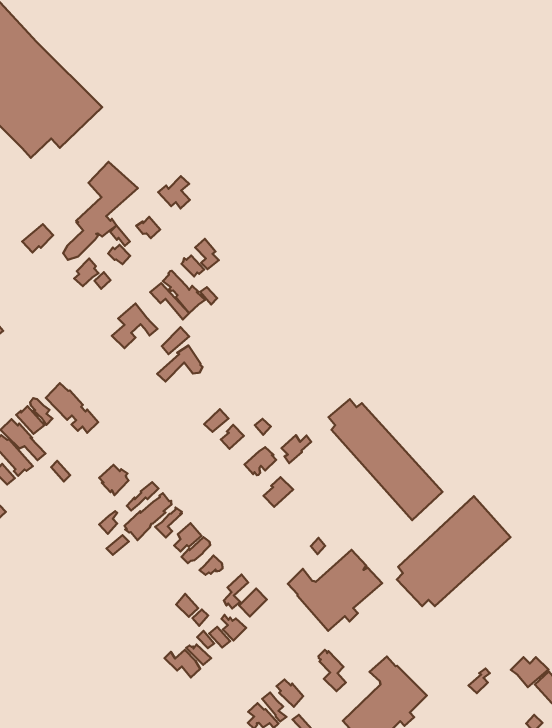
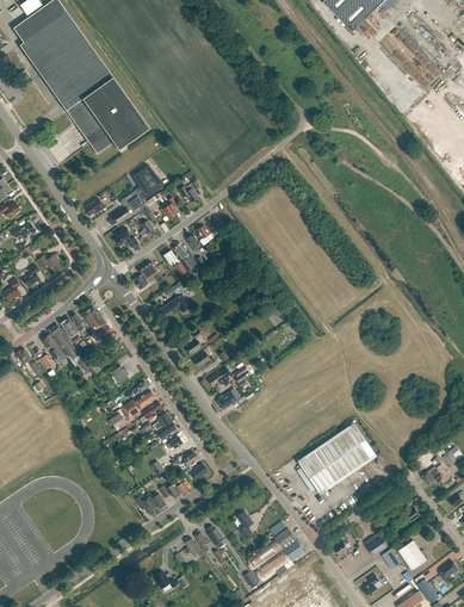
building: [328,399,443,520] -> none
building: [288,550,382,631] -> none

